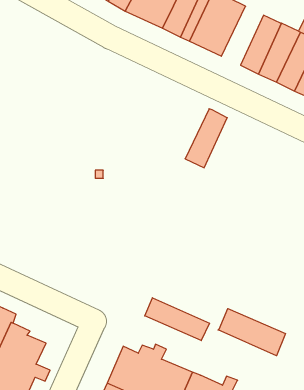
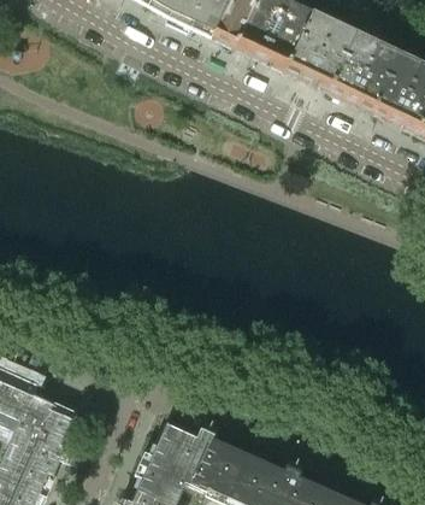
building: [185,109,227,168] -> [284,12,335,83]
building: [145,298,209,341] -> none
building: [218,309,285,356] -> none

